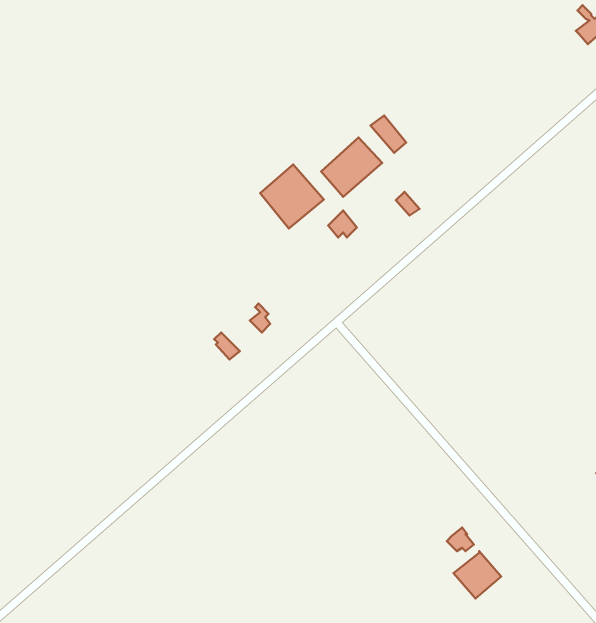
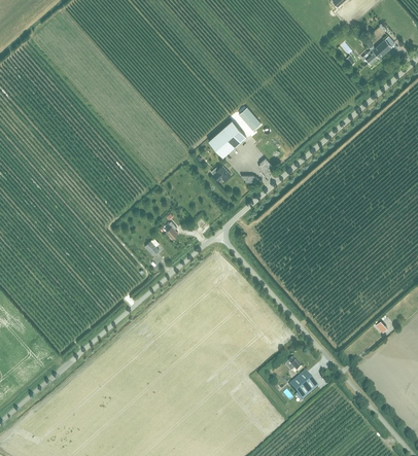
building: [260,164,324,228] -> none

